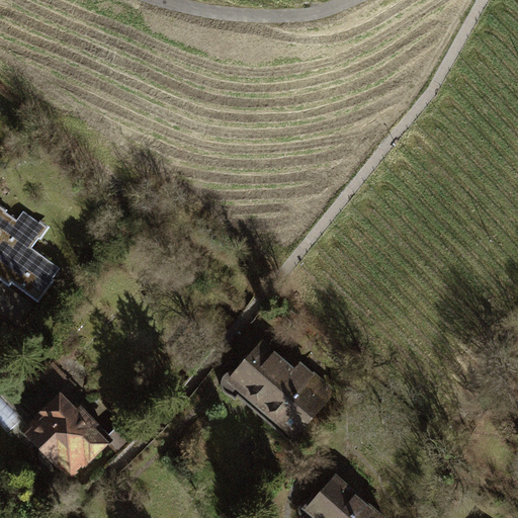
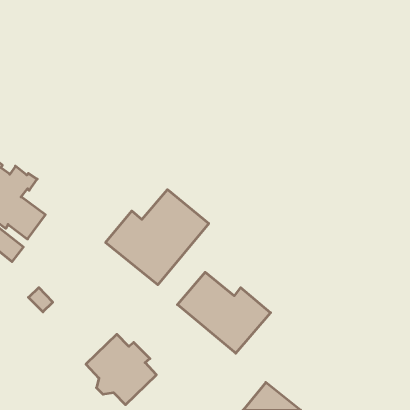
building: none -> [106,190,209,285]
building: [20,394,108,482] -> [86,334,156,405]

